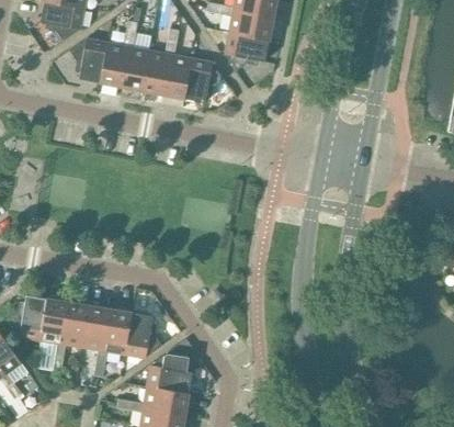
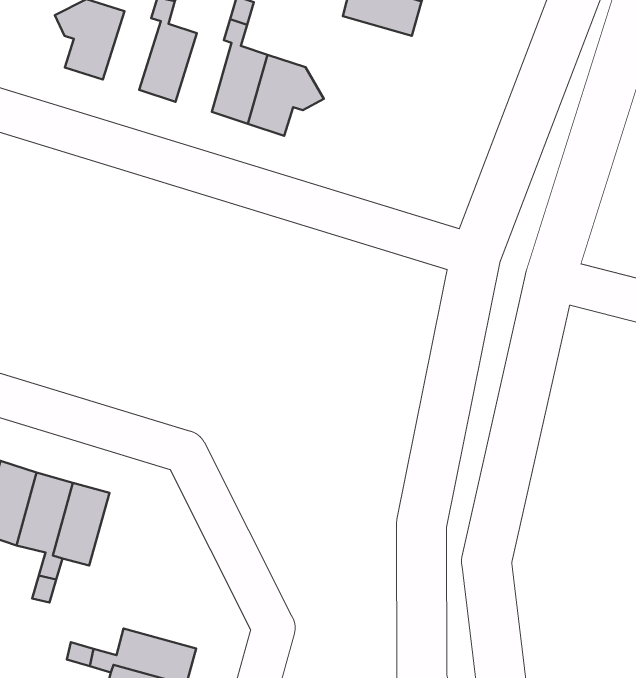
building: [226,33,270,71] -> none
building: [101,44,129,87] -> none
building: [143,52,170,94] -> none
building: [124,313,162,358] -> none
building: [147,353,192,394] -> none

